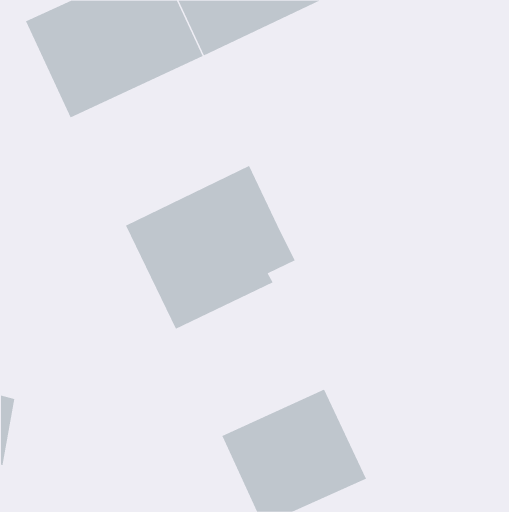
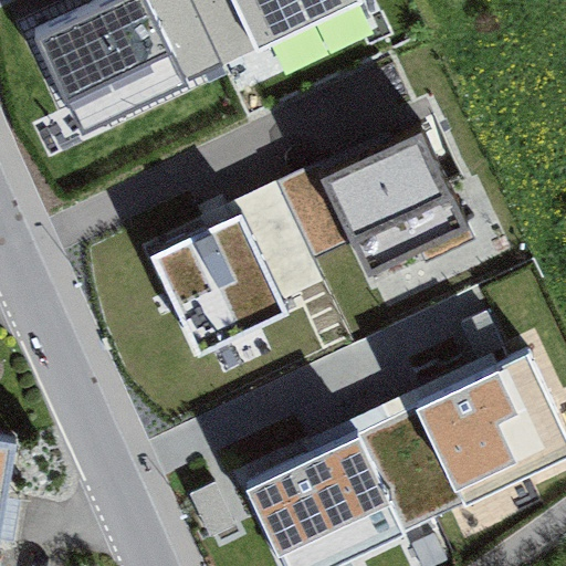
building: none -> [279,126,471,272]
building: none -> [361,360,551,528]

